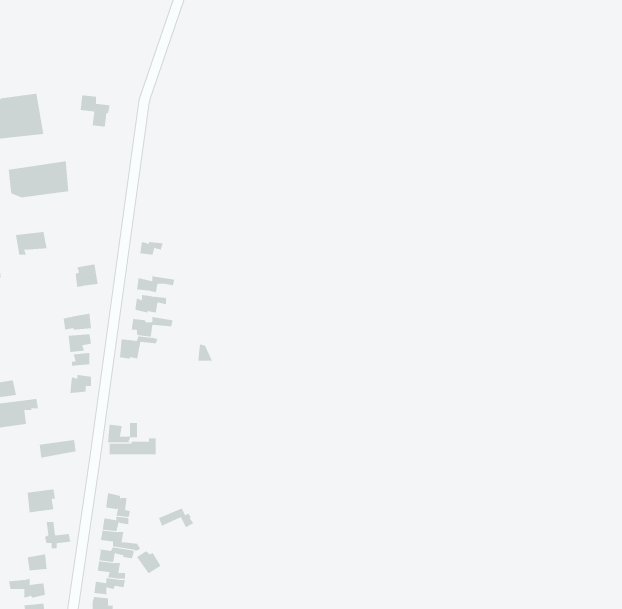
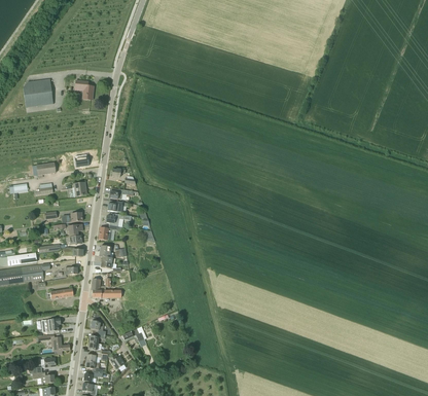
building: [8,160,69,198] -> none

